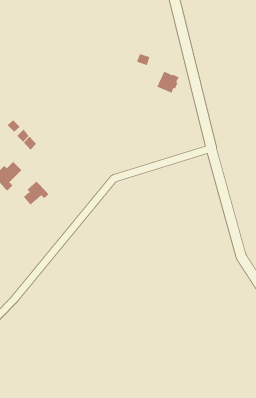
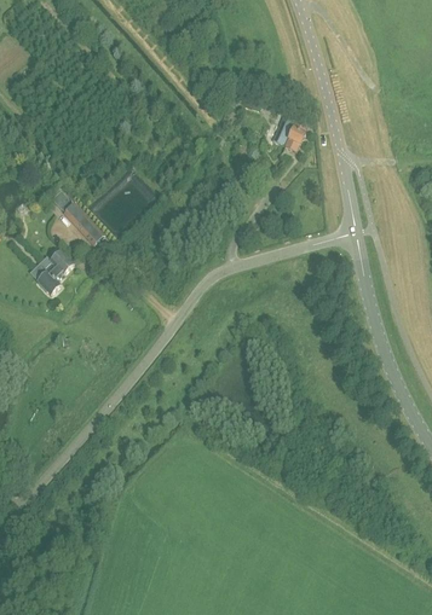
building: [23,181,49,206] -> none

